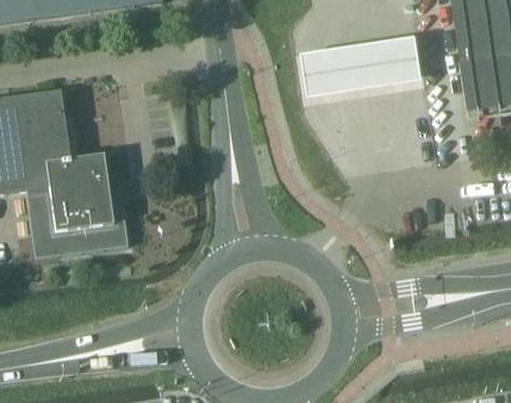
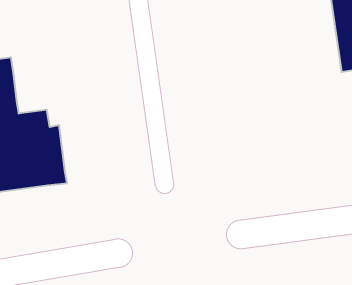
building: [297,38,419,101] -> none

